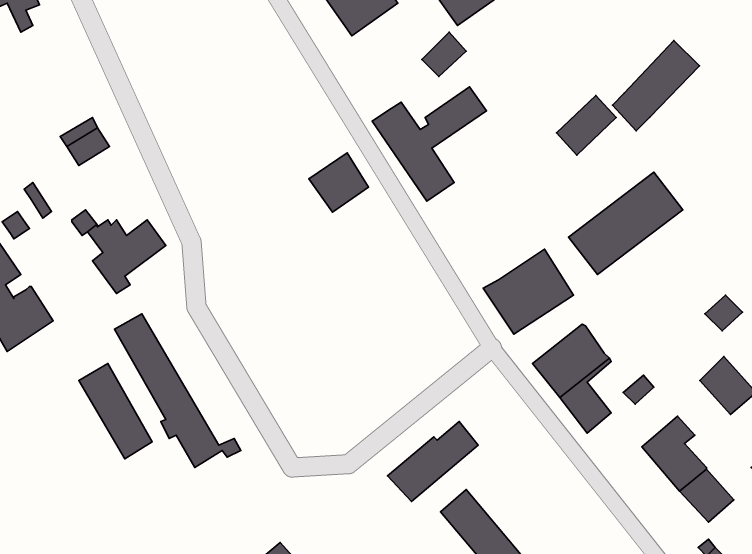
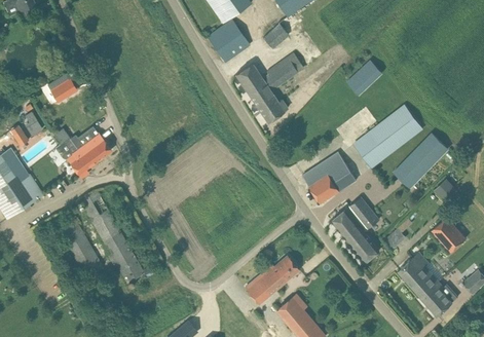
building: none -> [207,20,250,63]
building: [612,40,699,131] -> [395,134,447,188]
building: [309,153,369,212] -> none

